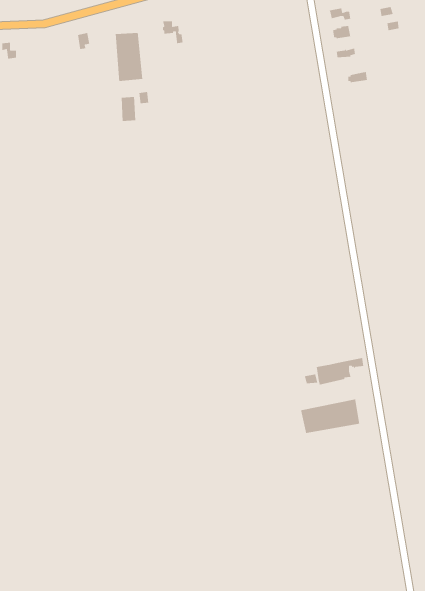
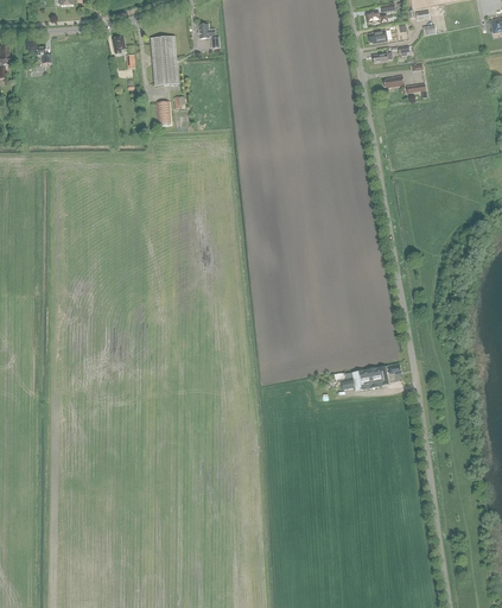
building: [300,399,360,434] -> none

